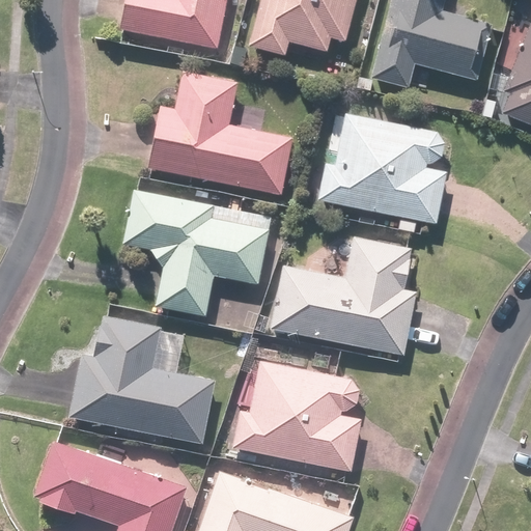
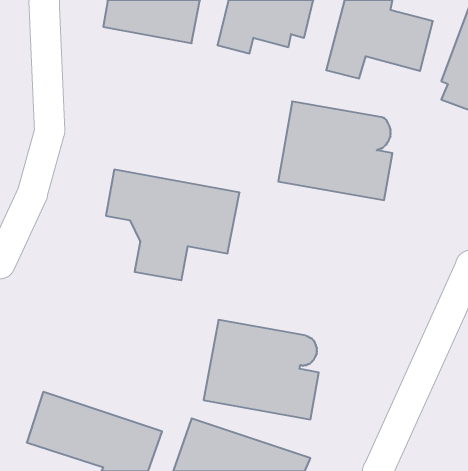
building: [147,74,292,195] -> none
building: [272,239,417,356] -> none
building: [71,317,216,445] -> none

